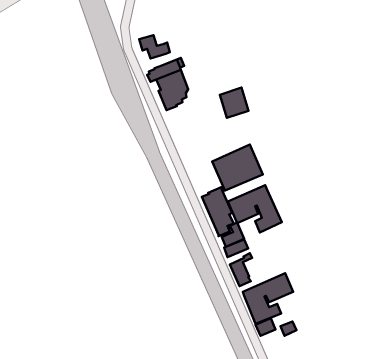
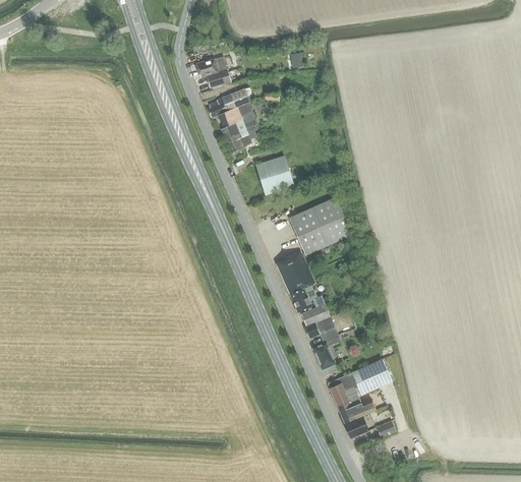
building: [220,87,249,118] -> [256,155,293,193]
building: [228,185,282,232] -> none

